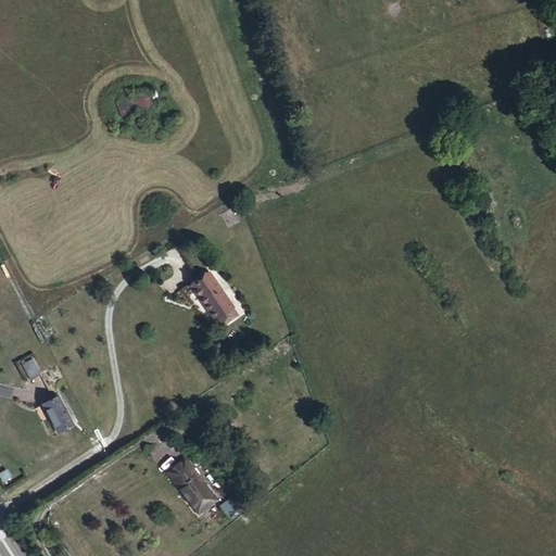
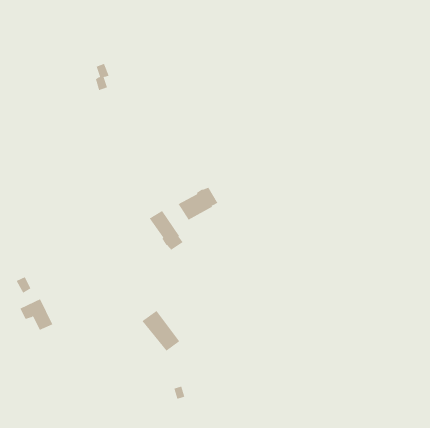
building: none -> [178,187,218,220]
building: [169,458,219,511] -> [142,310,180,351]

